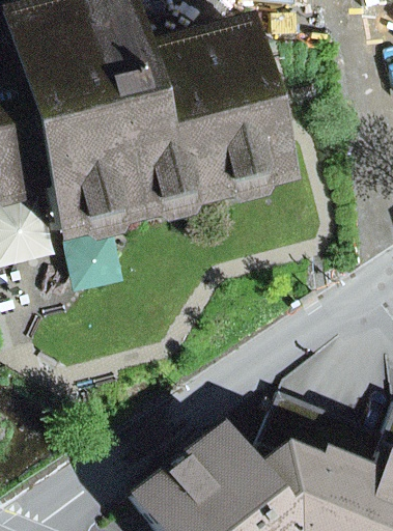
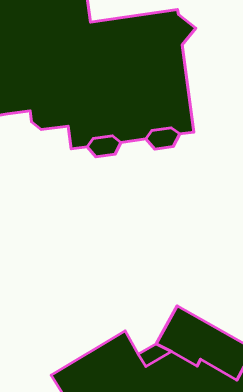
building: [33,173,118,241] -> none

